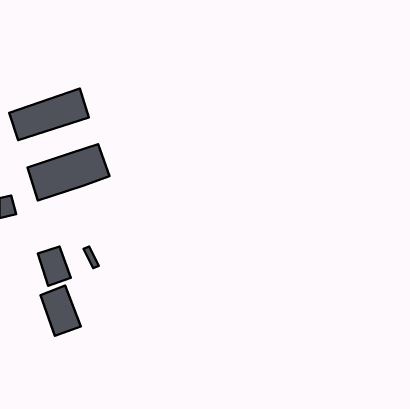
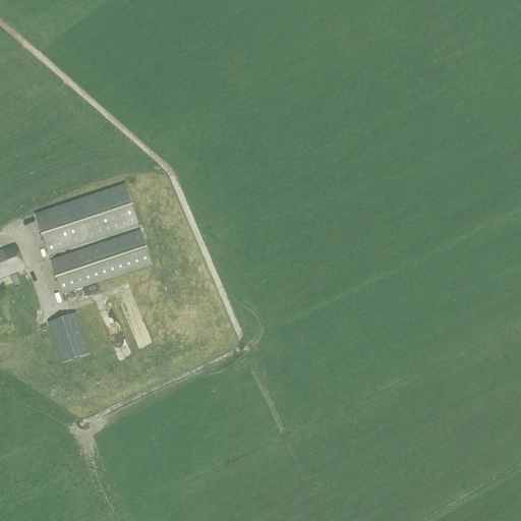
building: [9,89,89,140] -> [50,227,151,292]
building: [40,286,81,336] -> none

